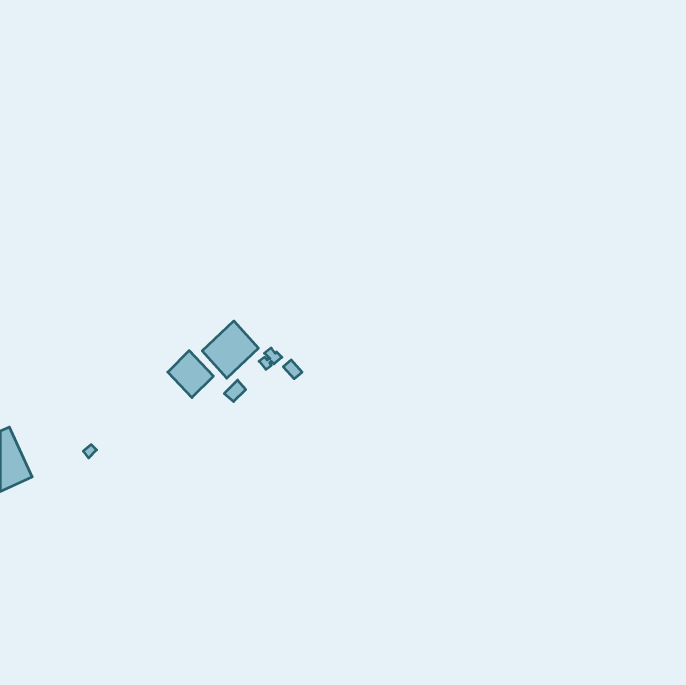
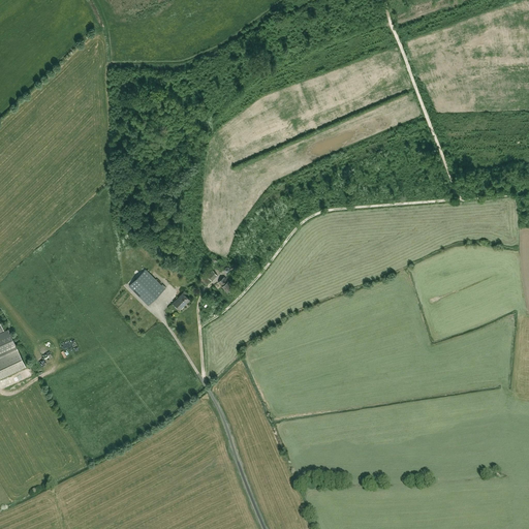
building: [202,321,258,378] -> none

